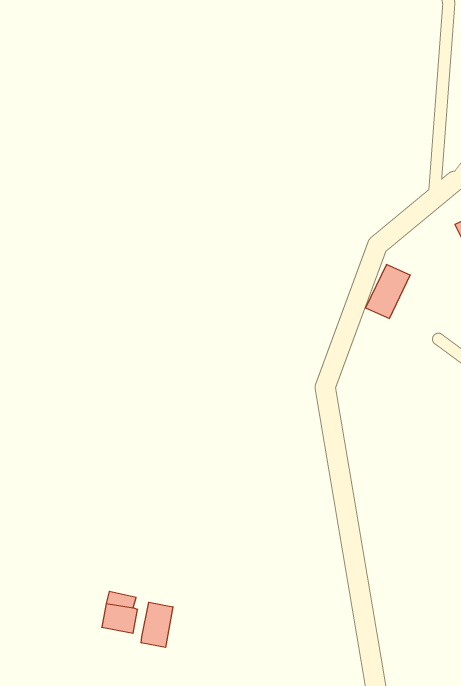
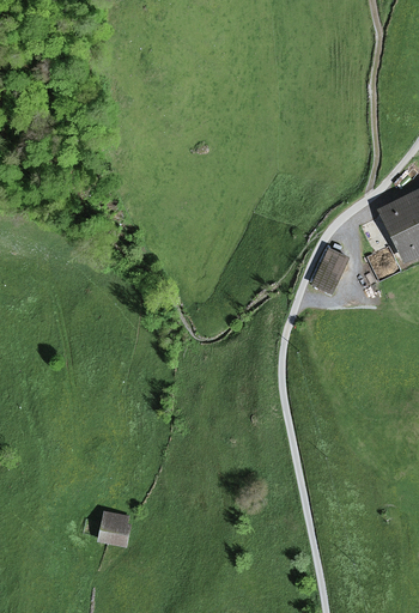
building: [141,602,173,647] -> none

